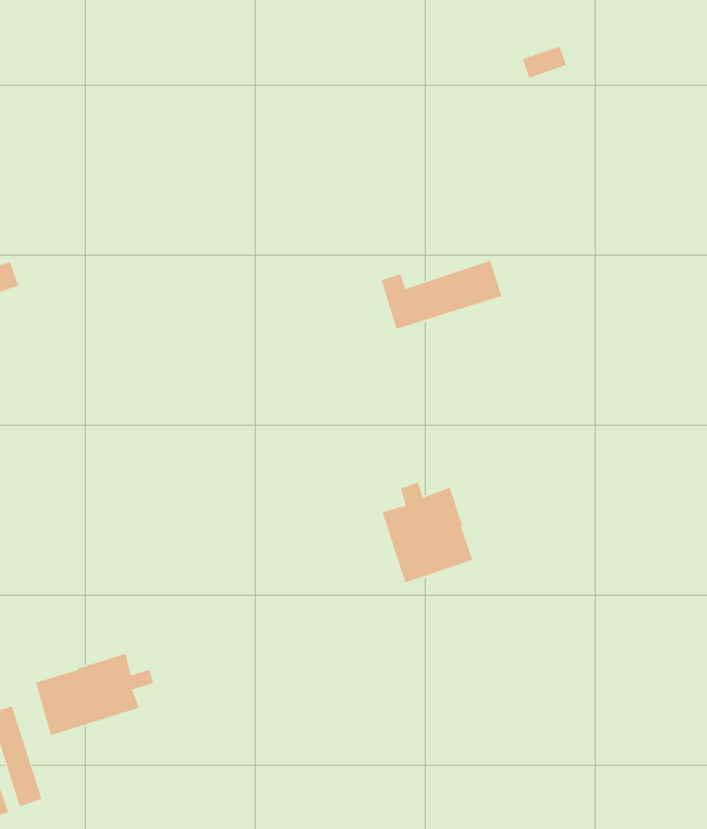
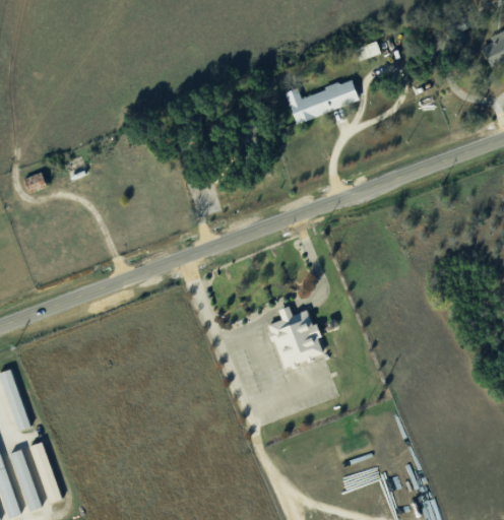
building: [381,260,503,330] -> [285,79,359,122]
building: [35,653,154,736] -> none

